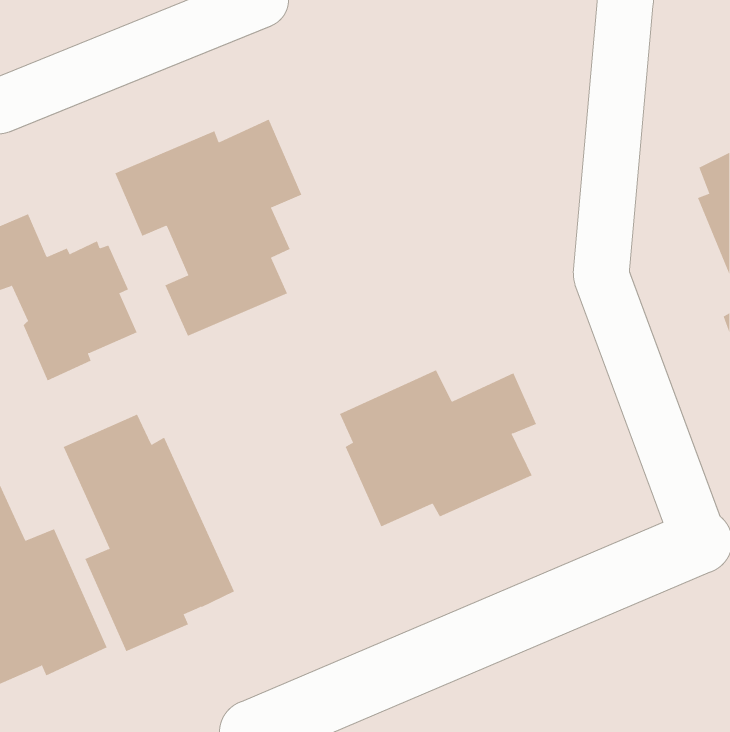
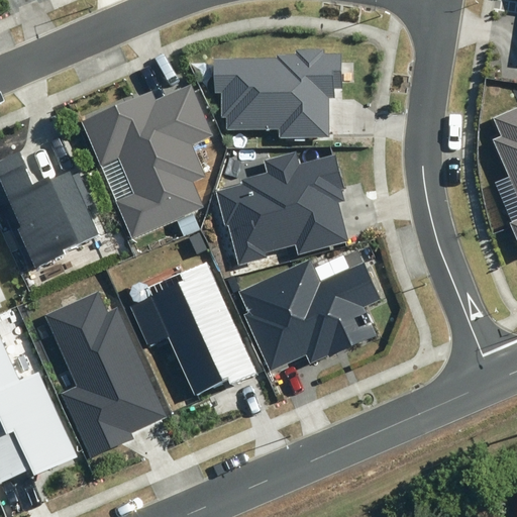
building: none -> [212,48,341,138]
building: none -> [214,151,348,266]
building: none -> [129,262,257,395]

